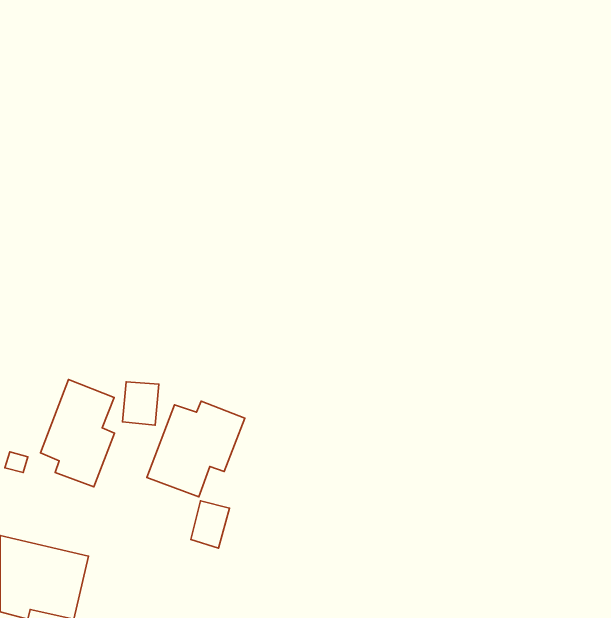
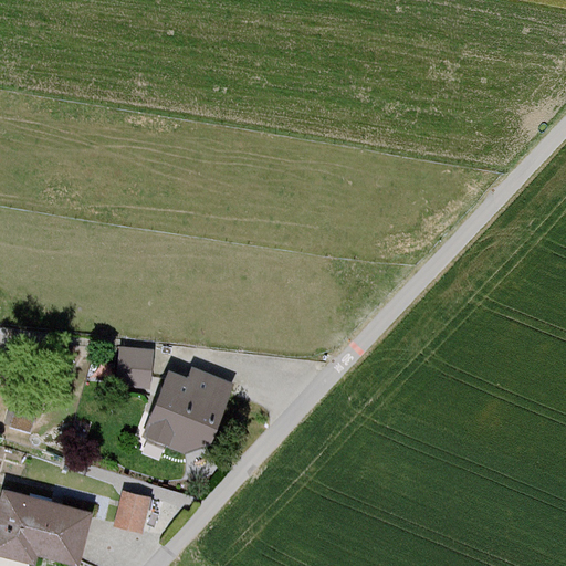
building: [41,380,114,487] -> none
building: [191,501,229,548] -> [116,492,151,535]

